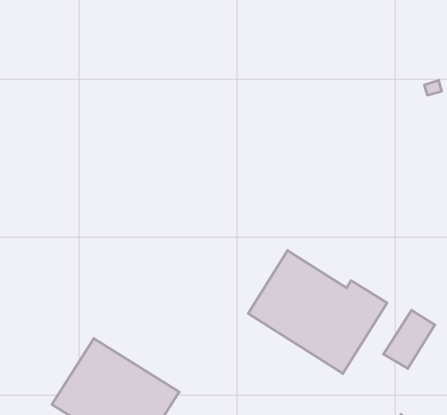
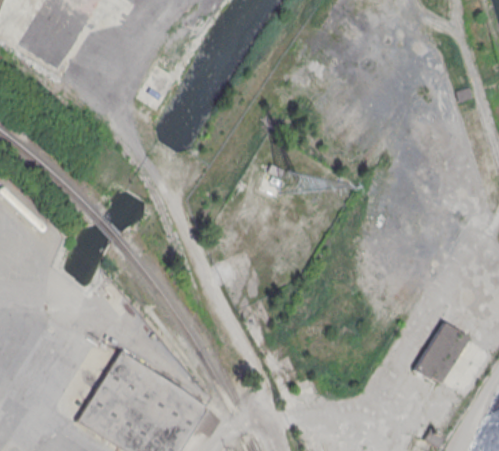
building: [248,250,387,374] -> none

